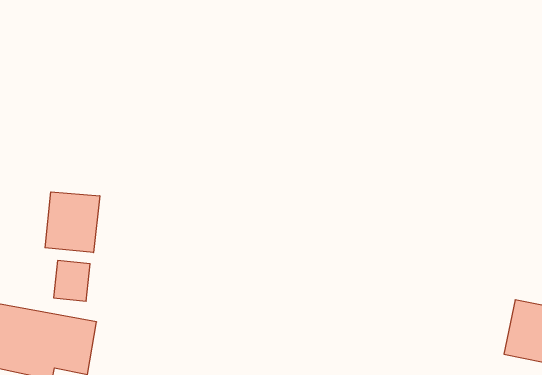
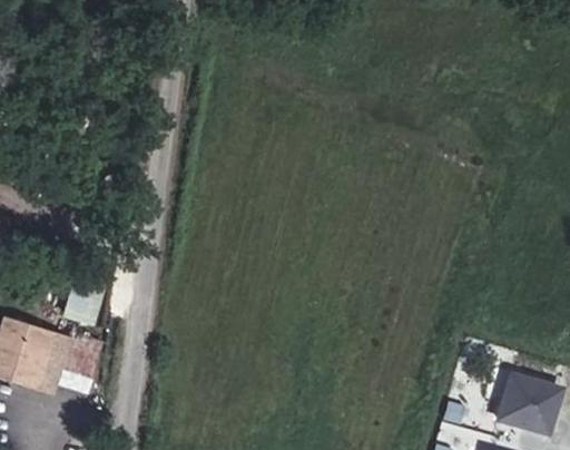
building: [45,192,100,253] -> none

